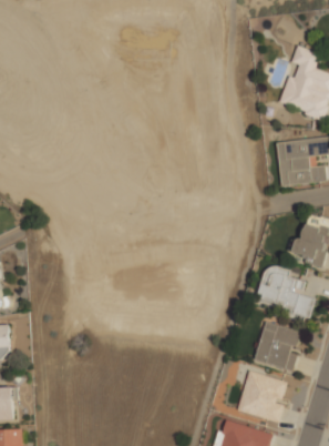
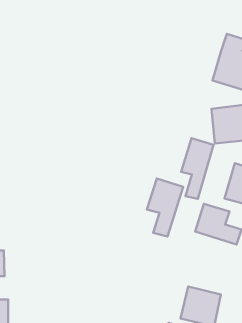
building: none -> [181,138,214,199]
building: none -> [147,178,183,236]
building: [255,322,302,371] -> none

